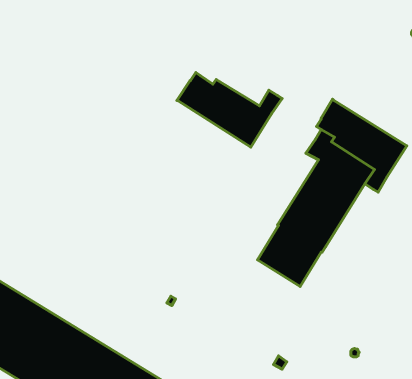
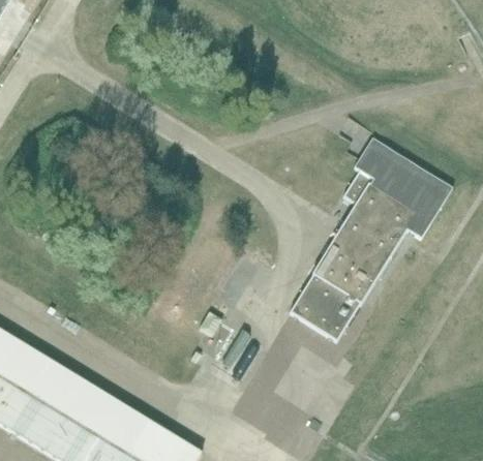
building: [177,72,282,147] -> none

